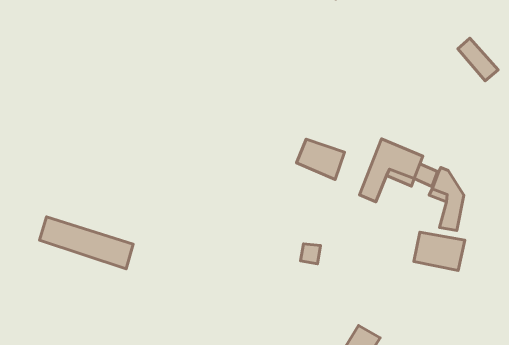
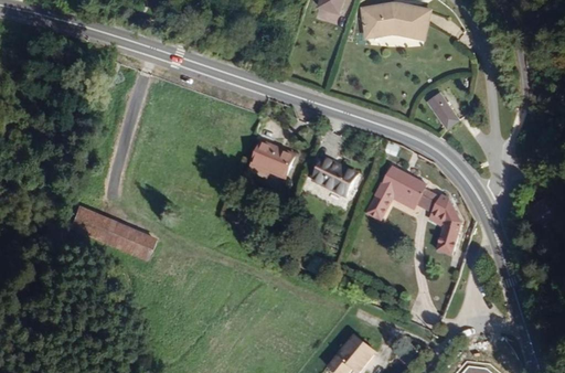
building: [458,38,498,81] -> [425,86,460,127]
building: none -> [247,140,296,178]
building: [414,232,465,270] -> none

